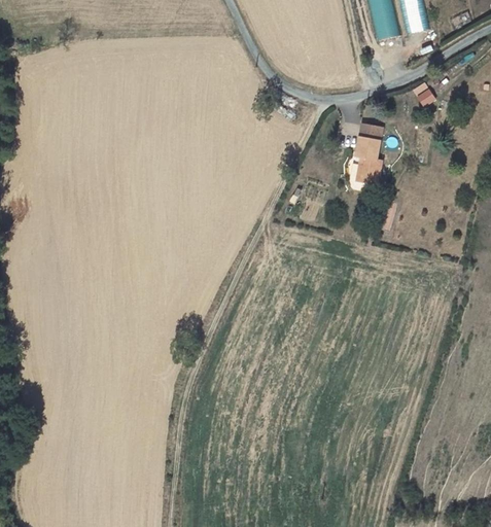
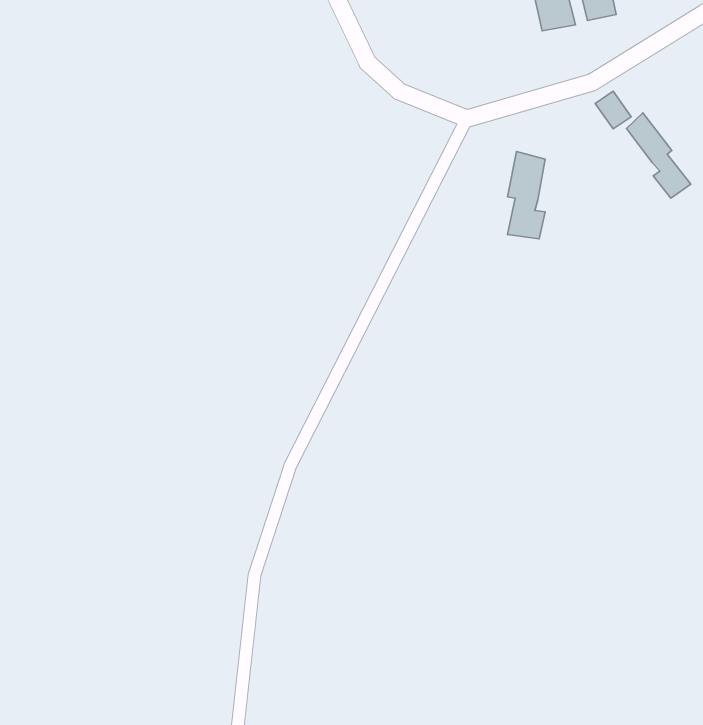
building: none -> [627,113,691,198]

